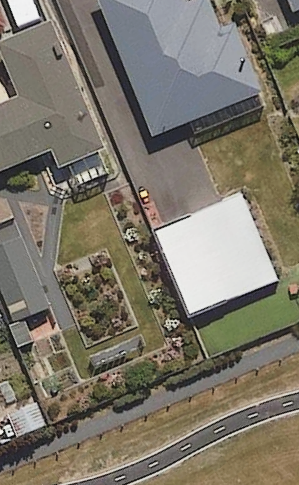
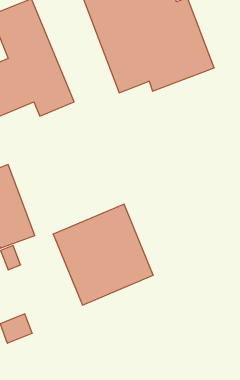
building: [156,195,276,316] -> [53,204,153,305]

